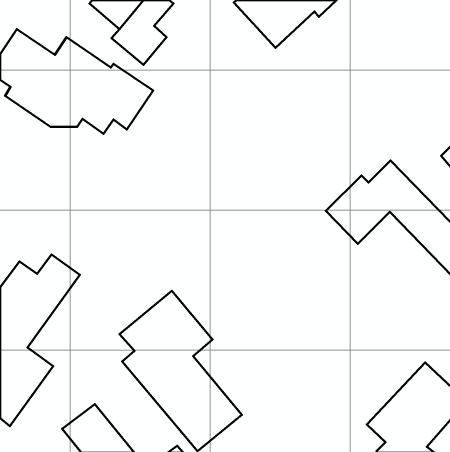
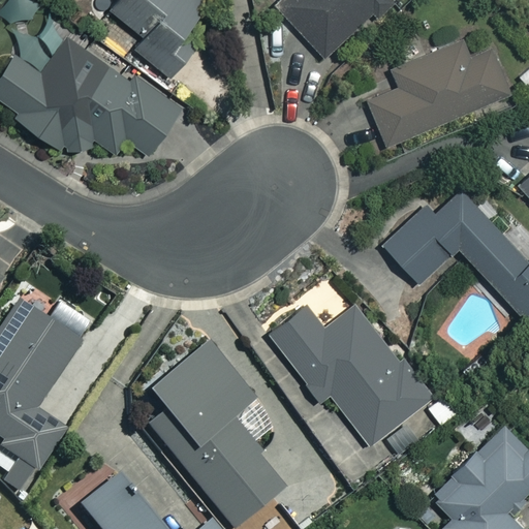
building: none -> [369,43,522,148]
building: none -> [270,303,430,444]

